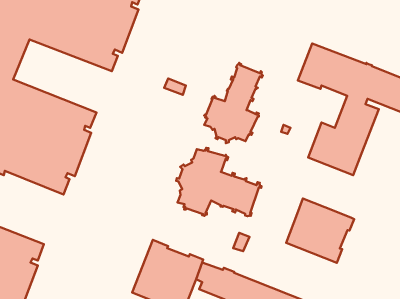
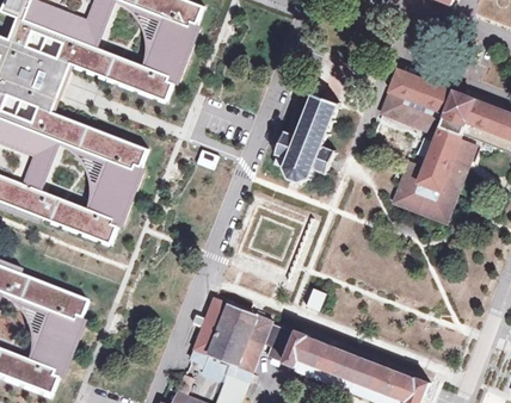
building: [176,148,261,216] -> none
building: [286,199,354,263] -> none

